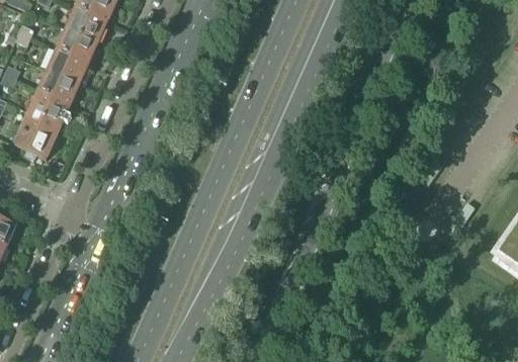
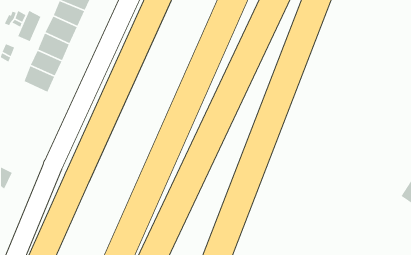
building: none -> [17,10,41,42]
building: [14,112,60,159] -> none

